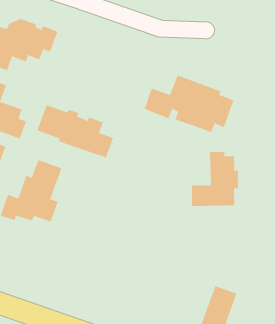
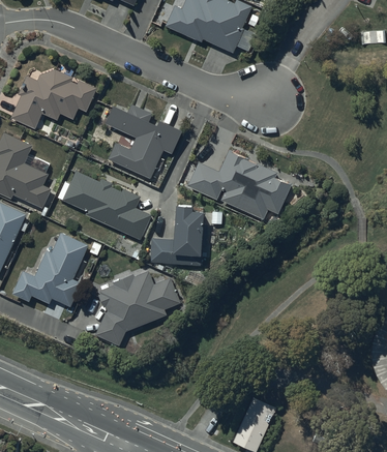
building: none -> [106,103,182,177]
building: [191,151,239,207] -> [149,201,207,265]
building: none -> [95,269,181,345]

